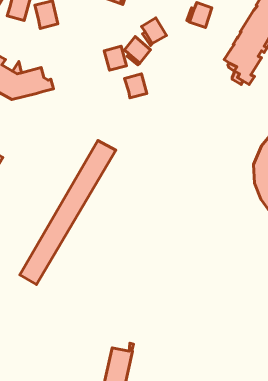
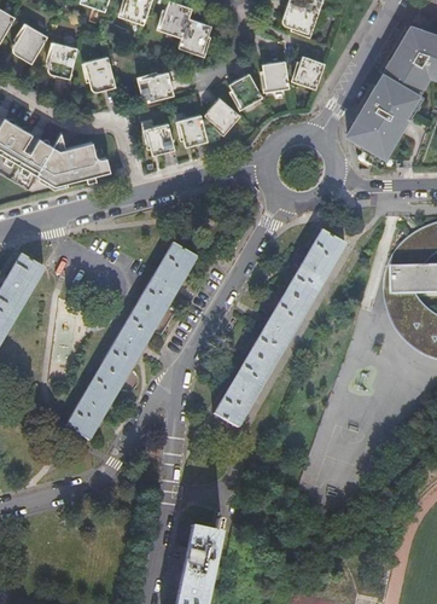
building: none -> [264,62,292,93]
building: none -> [140,72,176,104]
building: [125,74,147,98] -> [147,123,177,156]
building: none -> [214,228,340,426]

